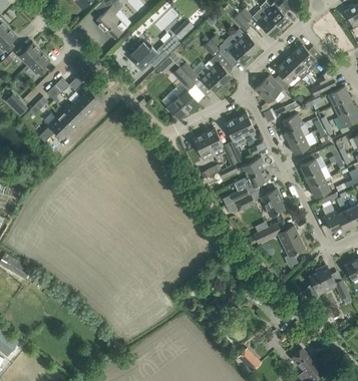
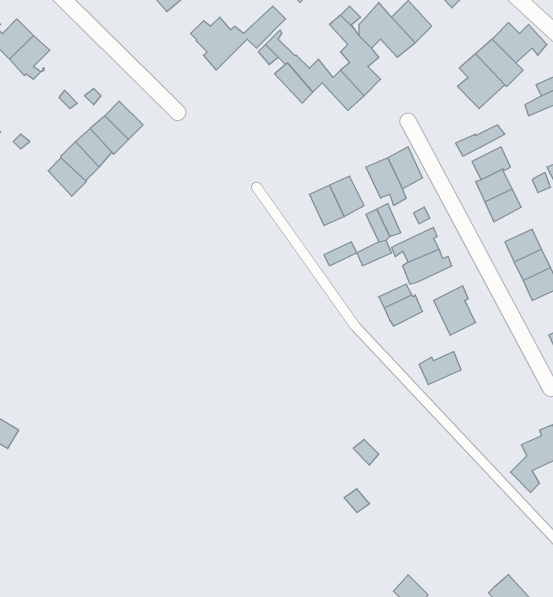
building: [255,75,283,103] -> none
building: [167,89,199,119] -> none
building: [278,226,305,257] -> none

